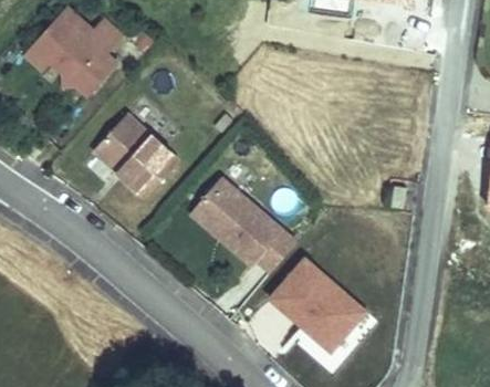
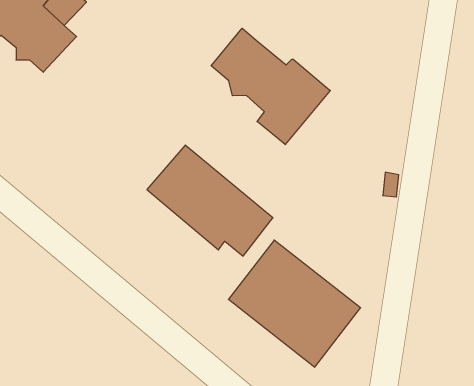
building: none -> [211,28,330,145]
building: [93,114,178,198] -> none

